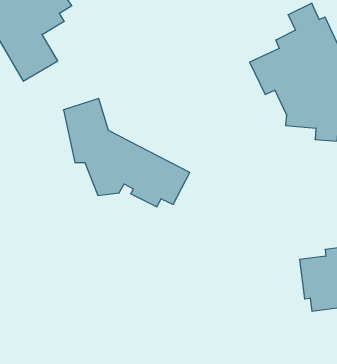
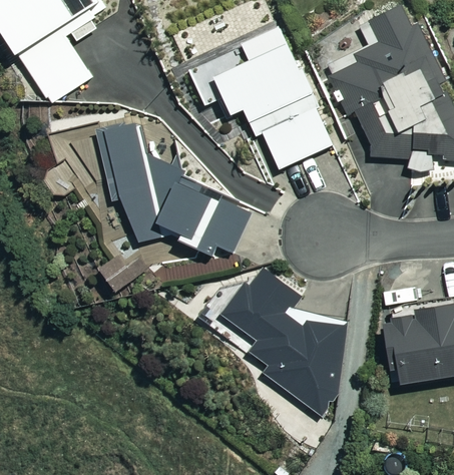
building: none -> [188,45,330,167]
building: none -> [222,270,349,421]

